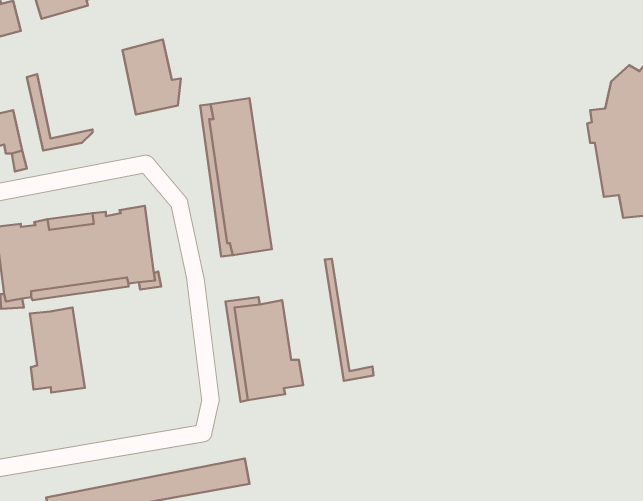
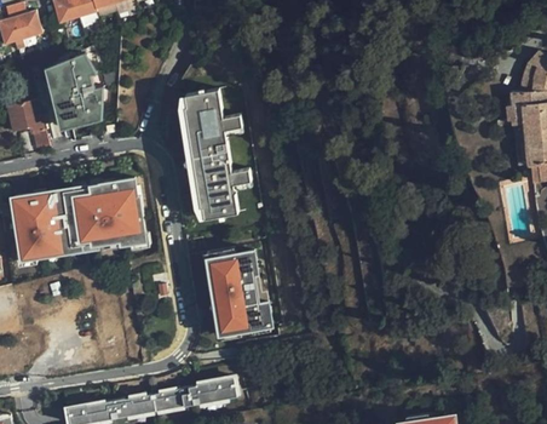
building: [122,40,181,114] -> [53,61,100,121]
building: [325,259,373,381] -> none
building: [30,307,85,392] -> none

